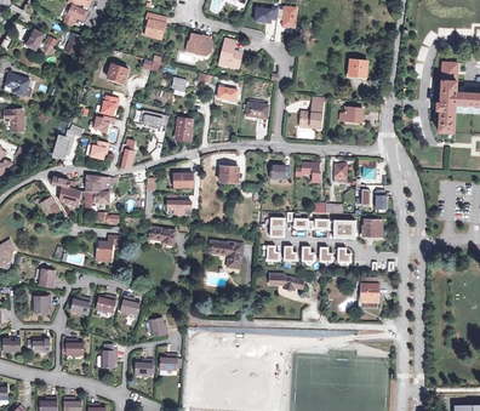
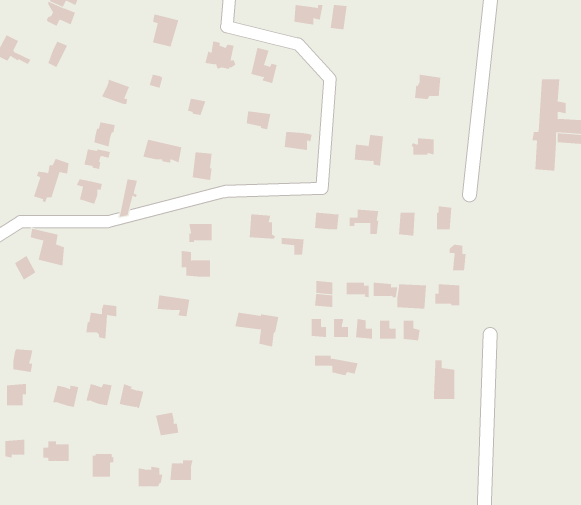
building: [84,175,109,211] -> none

